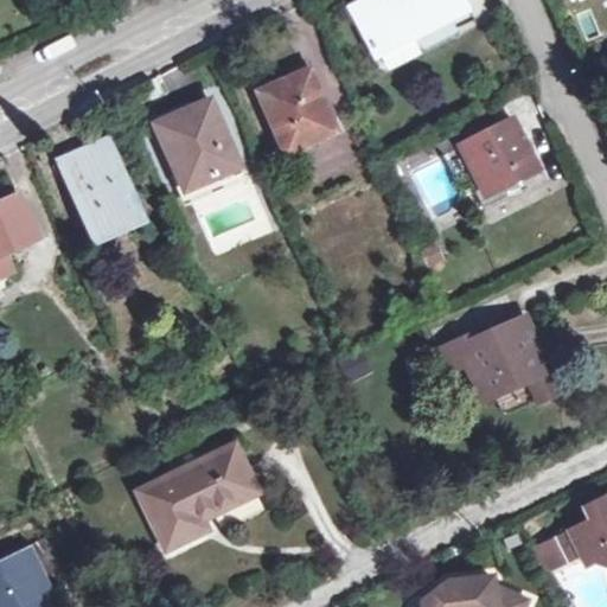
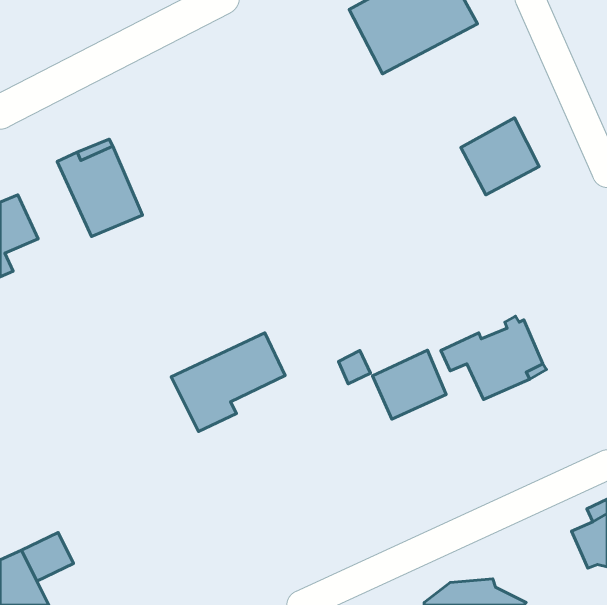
building: [257,70,336,153] -> none
building: [154,98,241,190] -> none
building: none -> [372,350,446,419]
building: [141,448,255,547] -> [171,333,285,431]
building: [532,530,581,571] -> none

